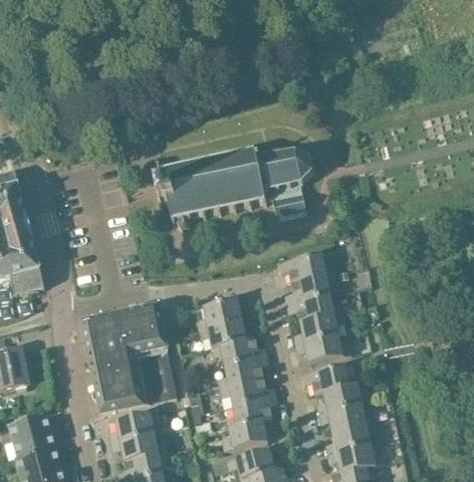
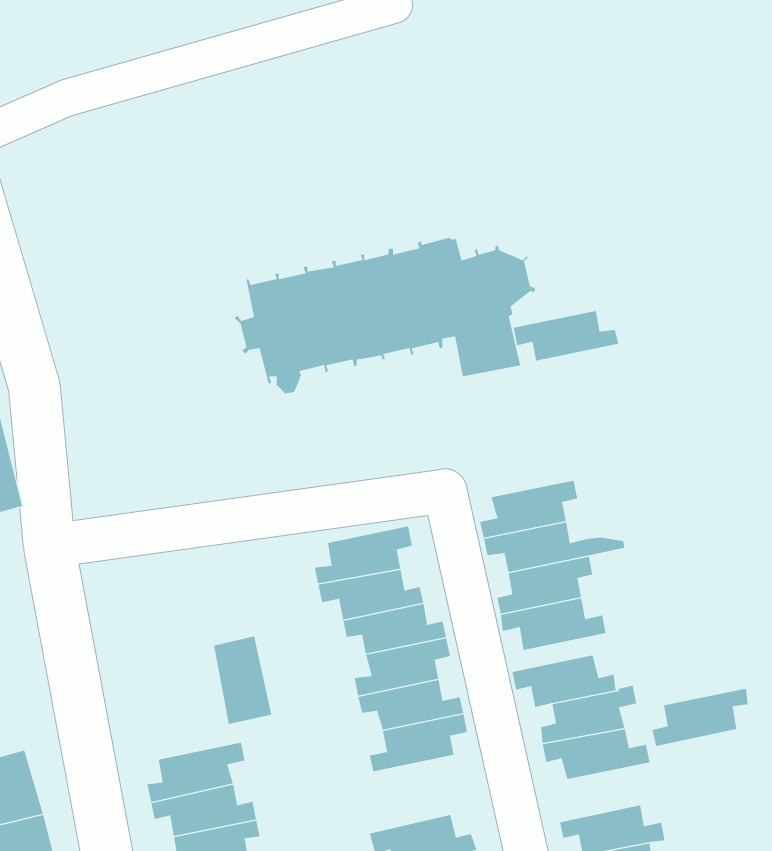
building: [279,255,335,282] -> [513,310,619,361]
building: [82,305,165,414] -> none
building: [223,419,274,450] -> none
building: [325,423,377,454] -> [652,688,749,747]

